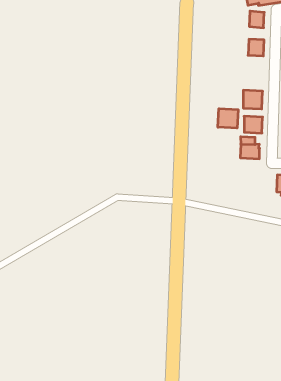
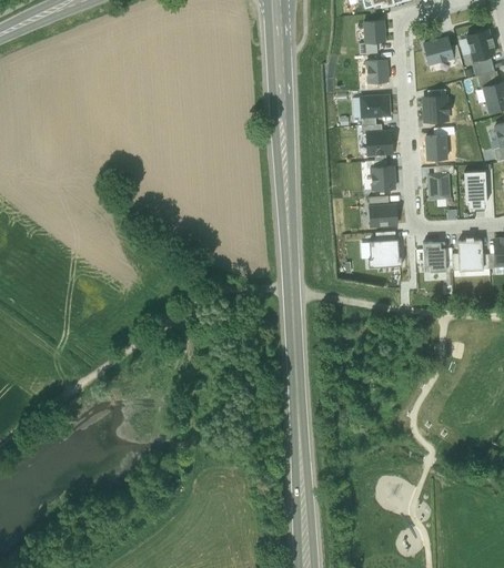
building: none -> [360,94,391,118]
building: [218,109,238,128] -> none
building: none -> [369,241,401,266]

